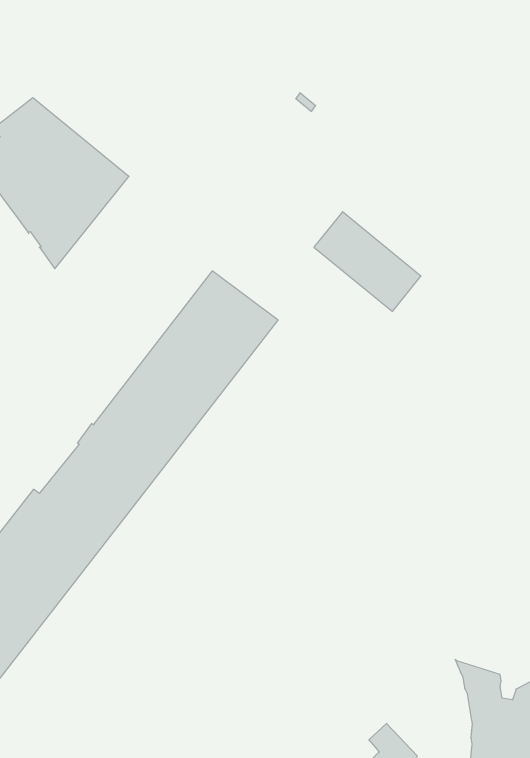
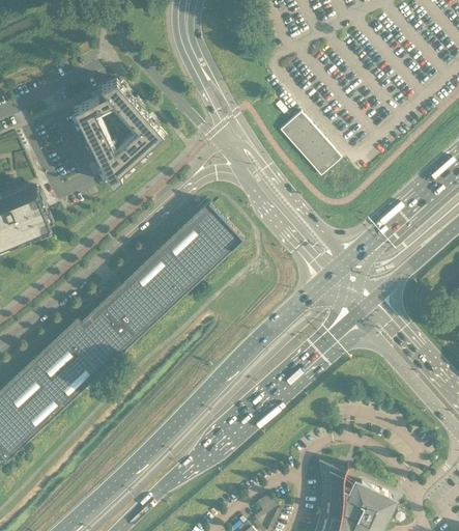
building: [314,212,421,311] -> [278,113,340,178]

